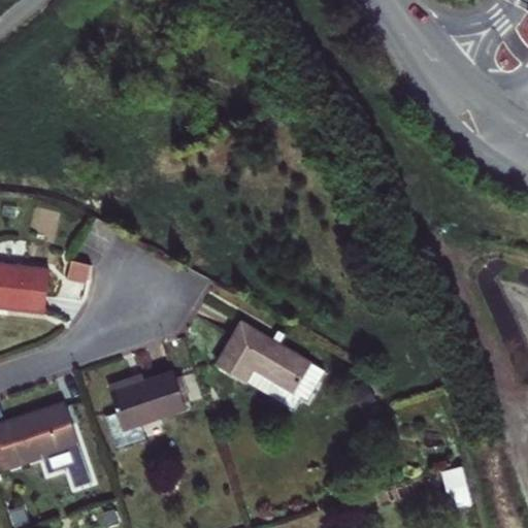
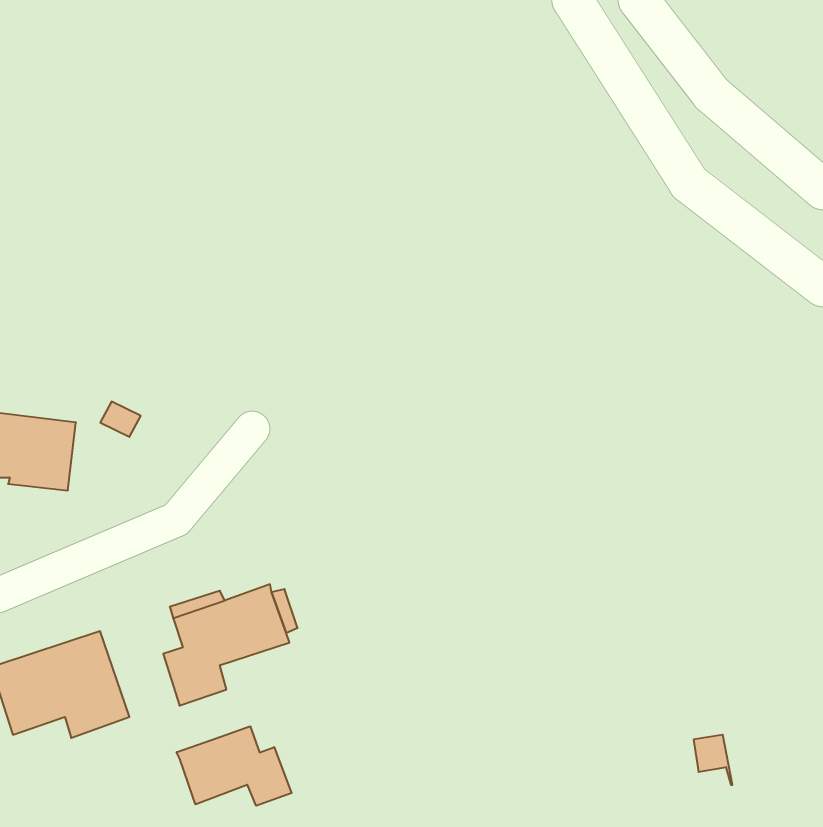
building: [214,322,323,408] -> none
building: none -> [177,726,292,806]

